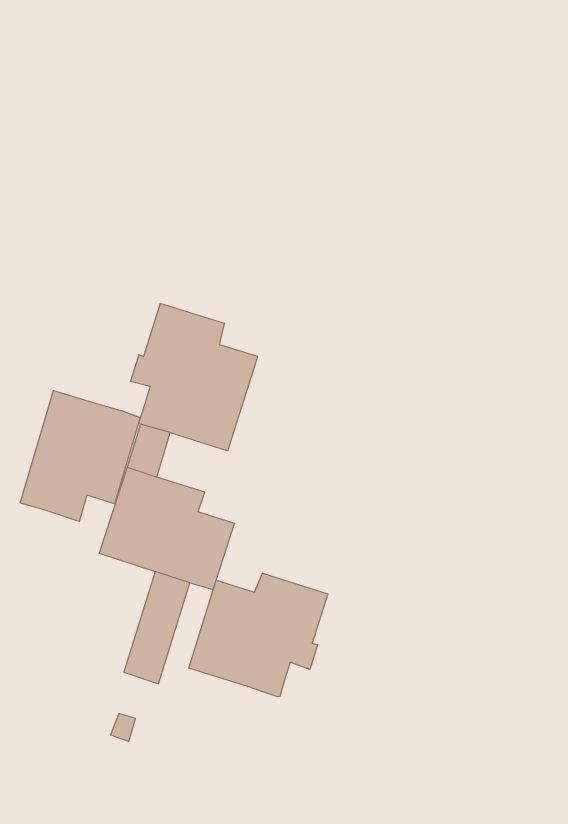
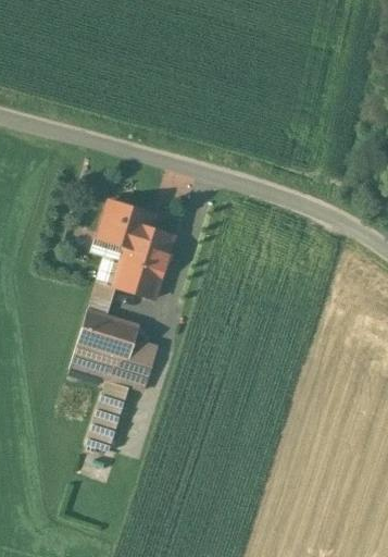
building: [20,391,140,521] -> none
building: [189,573,328,697] -> none

